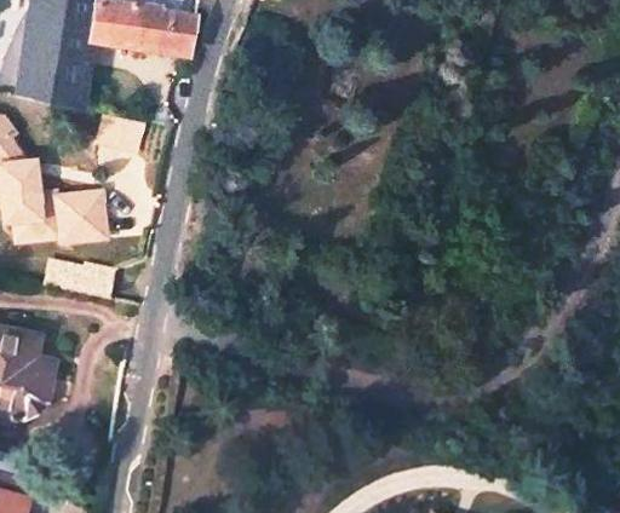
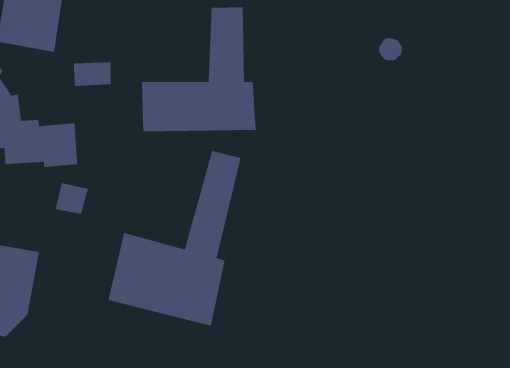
building: none -> [141,6,256,132]
building: none -> [108,150,241,326]

